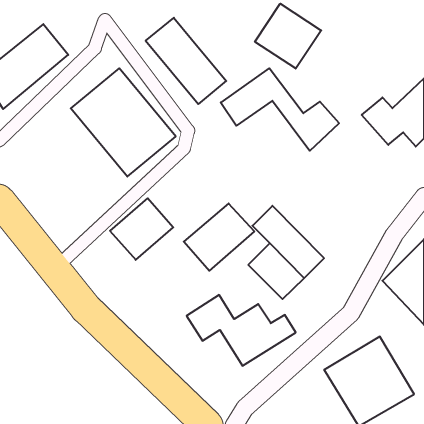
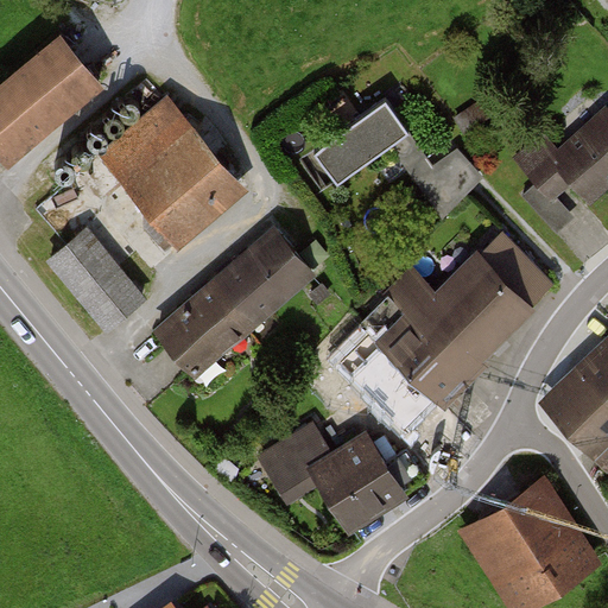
building: [255,4,321,69] -> none
building: [146,18,226,104] -> none
building: none -> [50,234,148,338]
building: none -> [388,236,547,370]
building: [184,203,254,271] -> [210,230,311,327]

